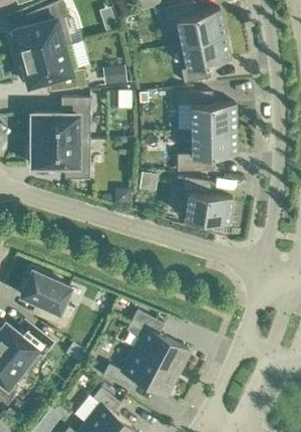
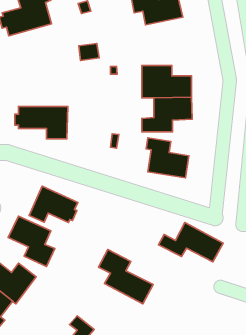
building: [180,35,229,83] -> none
building: [17,43,85,91] -> none
building: [30,97,88,141] -> none
building: none -> [29,186,78,222]
building: [100,350,177,396] -> [158,223,223,262]

